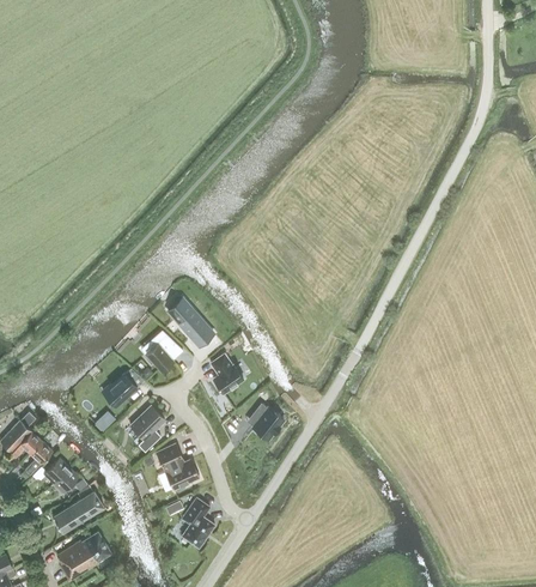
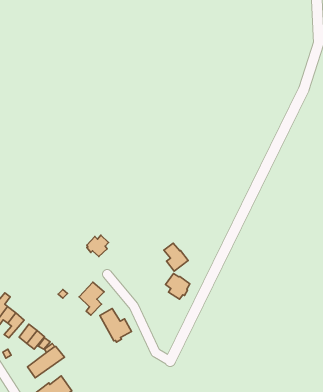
building: [172,303,213,346] -> none
building: [211,353,243,392] -> [164,243,188,271]
building: [103,373,136,406] -> none
building: [182,496,214,547] -> none

